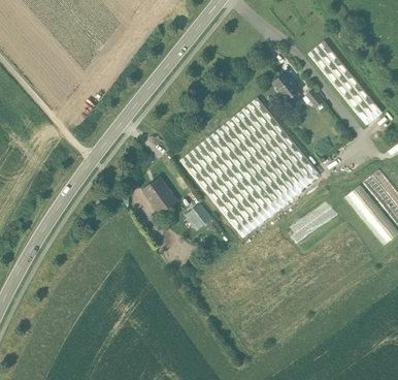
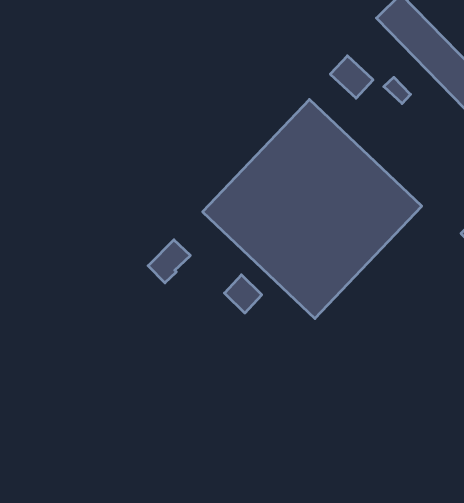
building: [150,187,177,215] -> none

